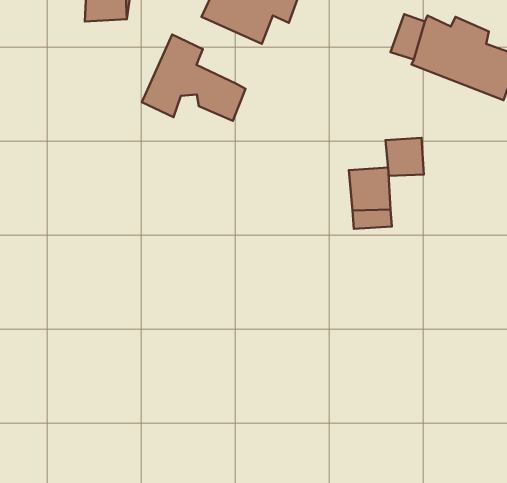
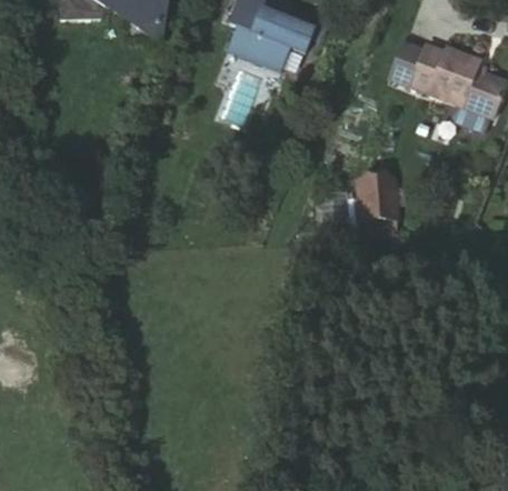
building: [142,35,246,121] -> none
building: [386,138,424,176] -> none

